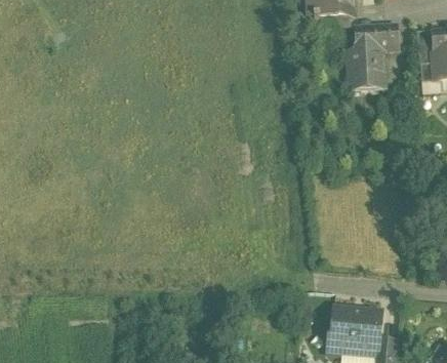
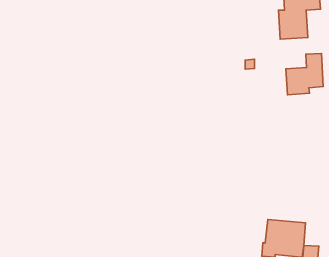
building: none -> [286,54,323,95]

